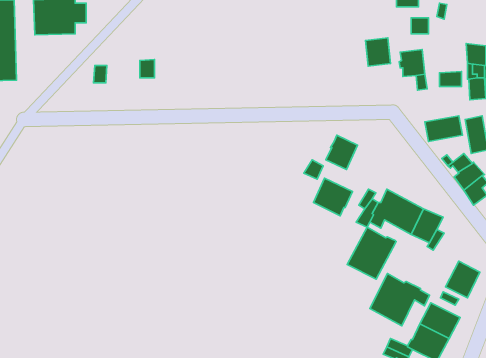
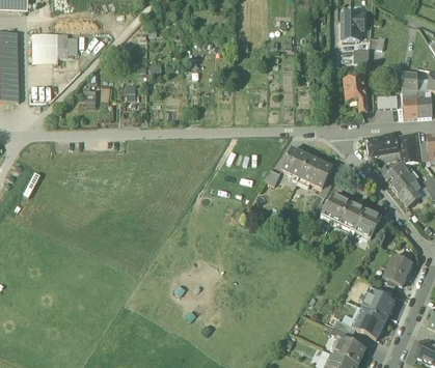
building: [366,38,390,66] -> none
building: [313,178,352,216] -> [299,155,332,188]
building: [347,227,396,279] -> none
building: [370,274,430,326] -> none

